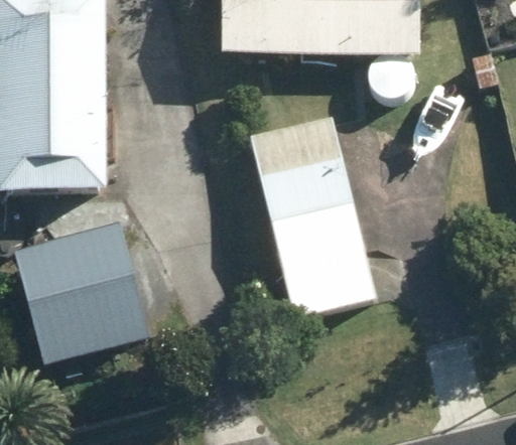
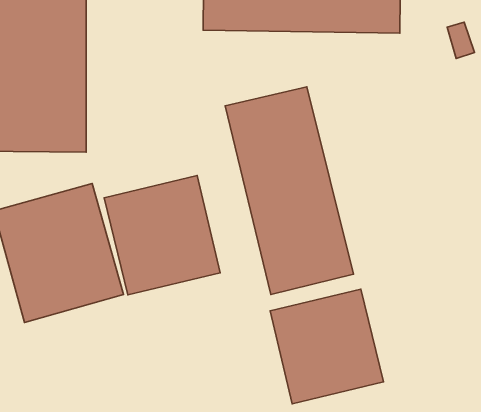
building: none -> [104,176,220,295]
building: none -> [270,289,384,404]

